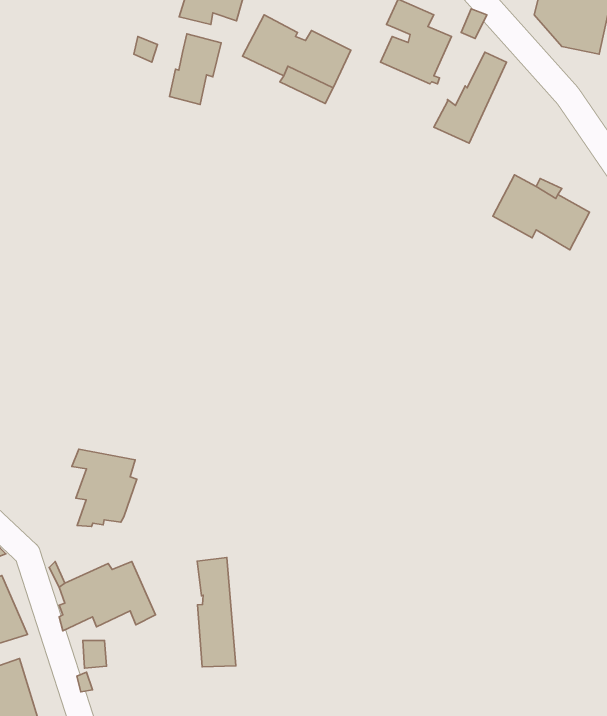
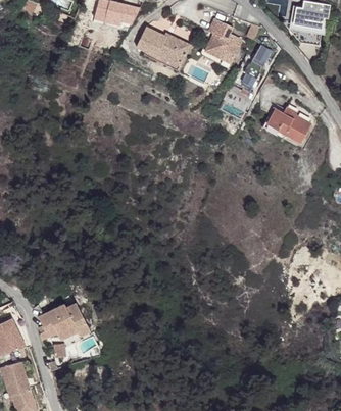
building: [169,34,221,105] -> none
building: [72,449,137,527] -> none
building: [197,558,236,667] -> none

